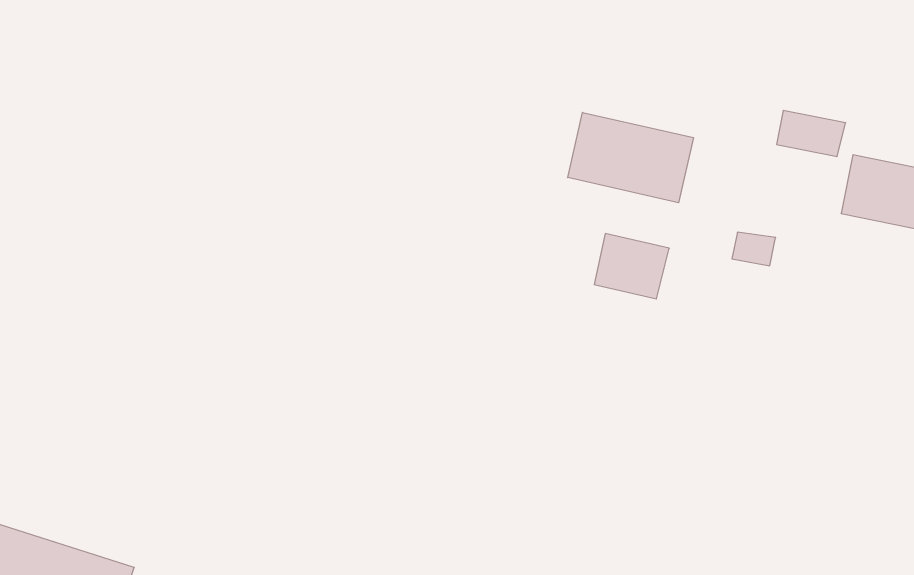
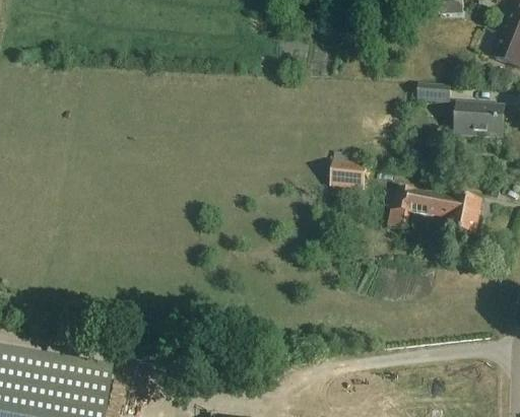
building: [568,112,693,203] -> none
building: none -> [388,189,480,234]

